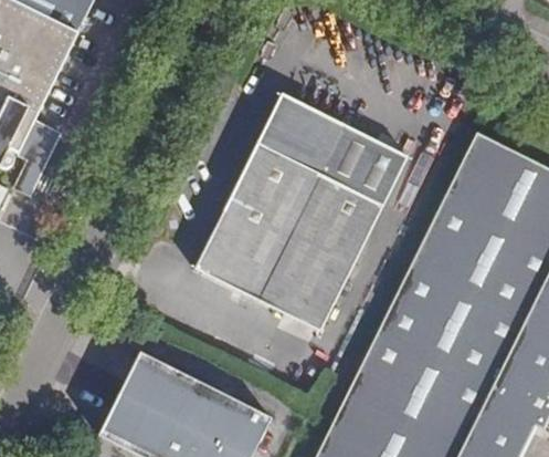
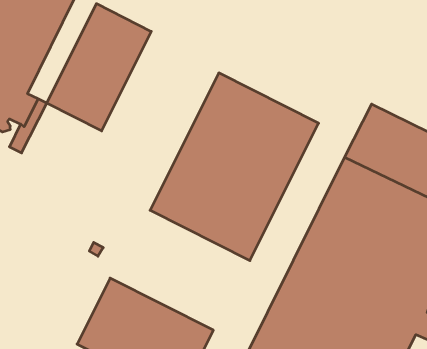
building: none -> [47,4,151,131]

